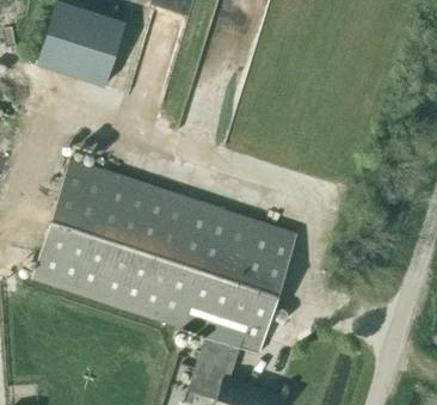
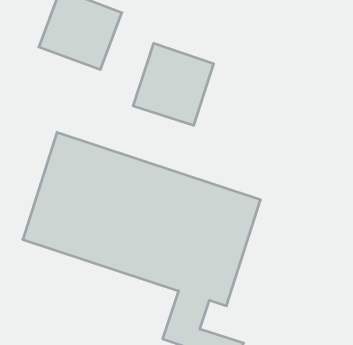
building: none -> [133,43,214,125]

